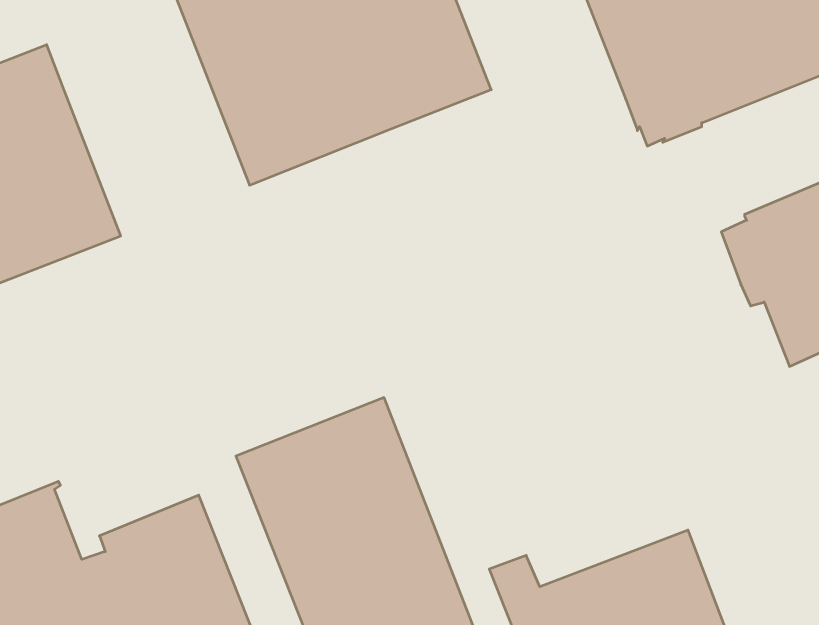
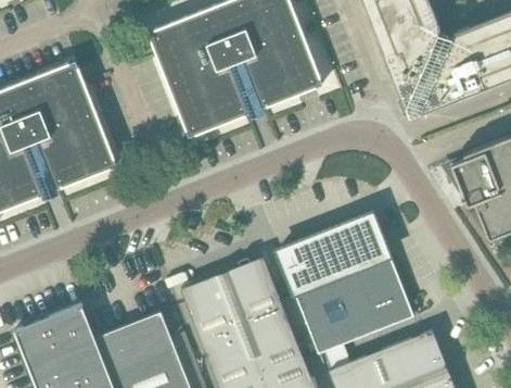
building: none -> [278,222,413,354]

